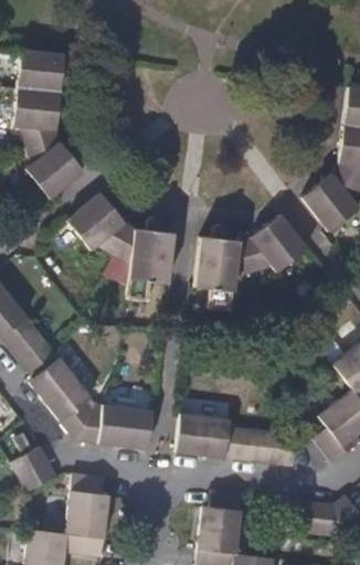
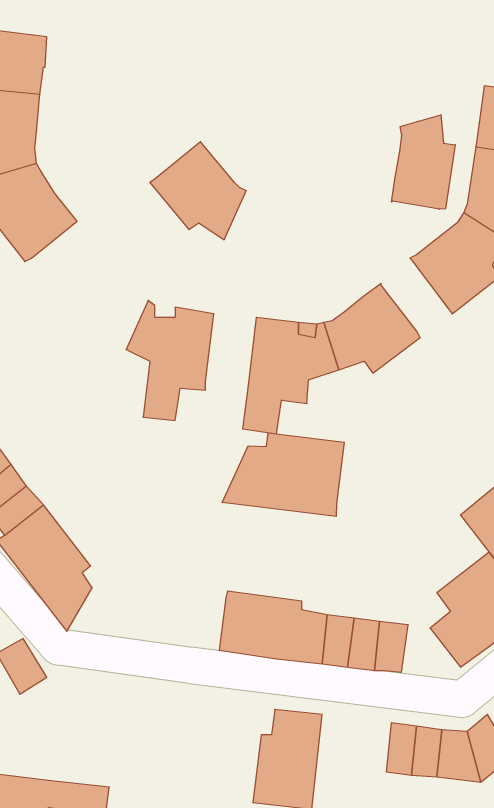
building: none -> [392,115,455,209]
building: [66,193,129,257] -> [150,142,246,240]
building: none -> [222,433,344,516]
building: [76,406,153,450] -> none
building: [64,477,108,543] -> none

